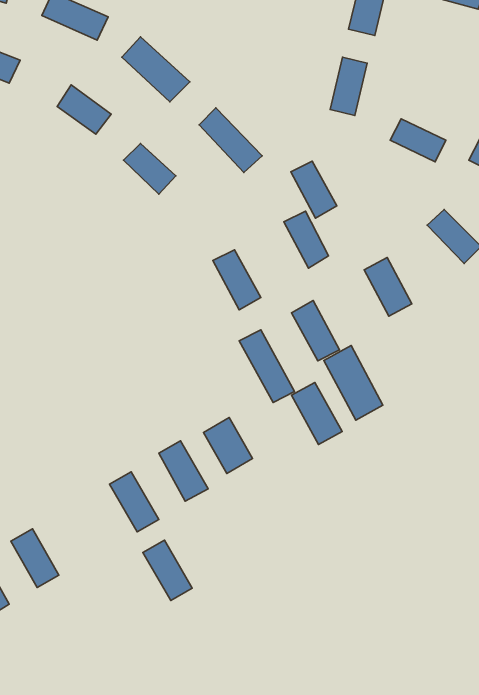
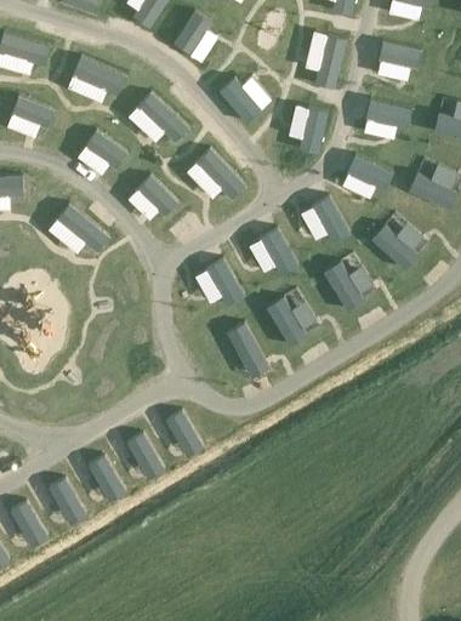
building: none -> [217,76,261,123]
building: none -> [365,99,410,127]
building: [291,161,337,218] -> [313,196,349,241]
building: none -> [55,203,108,251]
building: [324,345,383,420] -> none
building: [291,382,342,445] -> none
building: [204,418,252,474] -> none
building: [143,540,192,600] -> [86,455,125,502]

